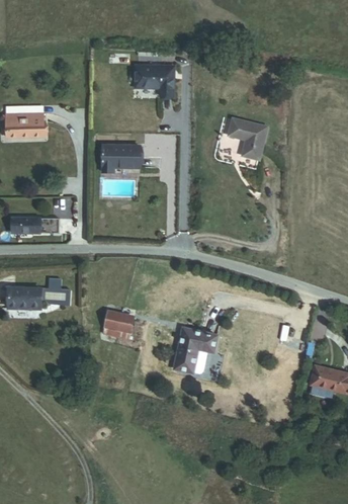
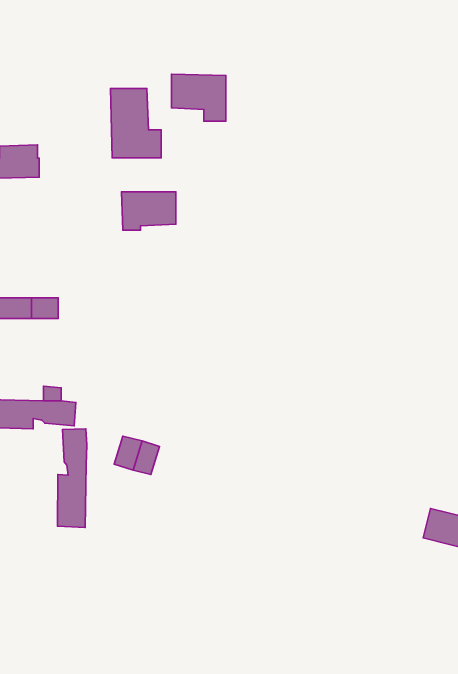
building: none -> [111,88,161,158]
building: [229,119,267,161] -> none
building: none -> [57,429,87,527]
building: [172,326,216,372] -> none

